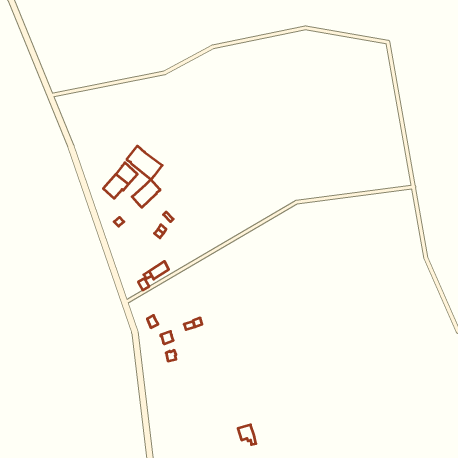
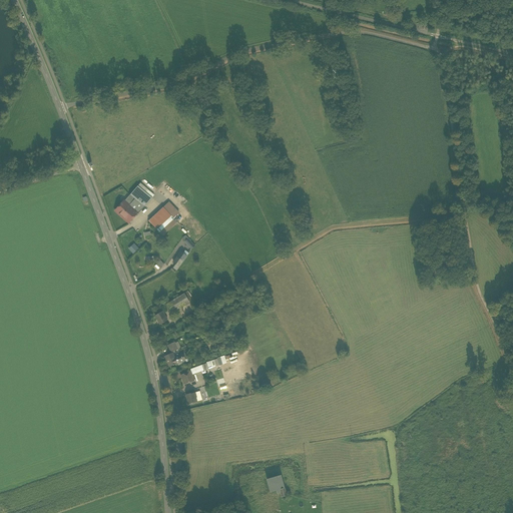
building: [127,146,162,180] -> none

